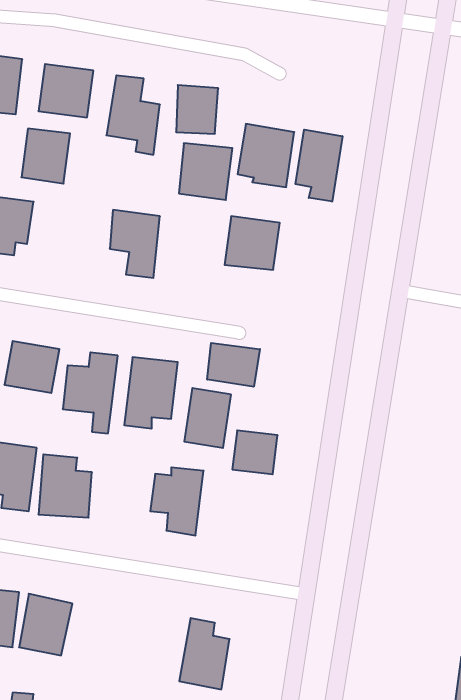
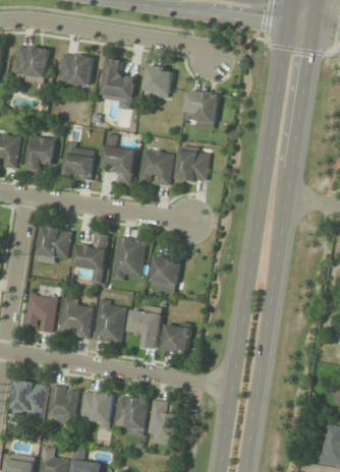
building: [21,129,70,184] -> [64,144,95,179]
building: [295,130,342,202] -> none
building: [179,143,232,200] -> [140,150,174,185]
building: [207,343,260,387] -> none
building: [232,430,278,474] -> [163,324,191,352]
building: none -> [94,299,127,344]
building: none -> [81,390,115,423]
building: none -> [116,396,149,435]

